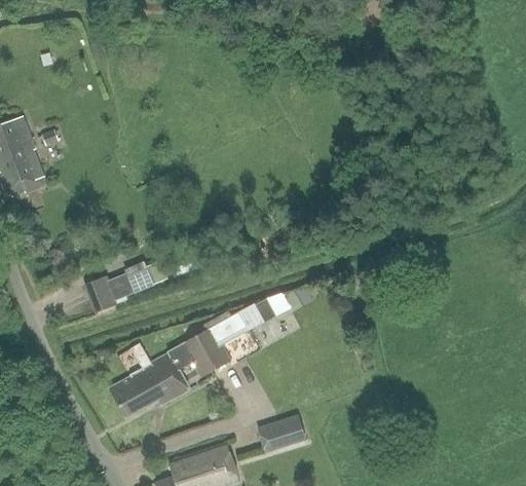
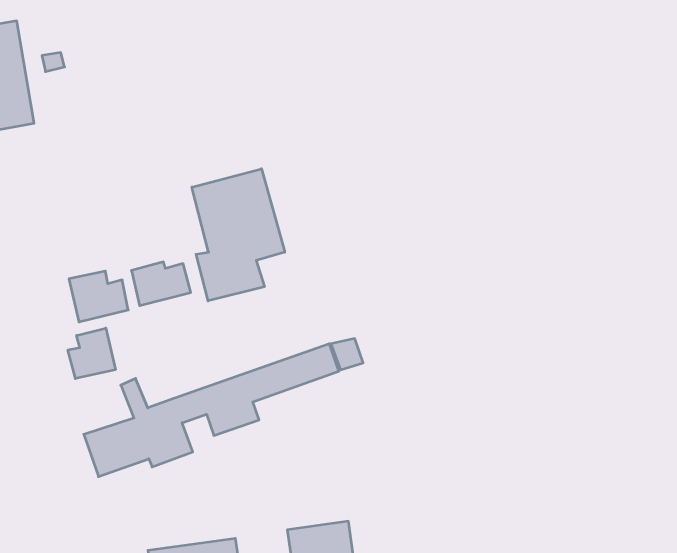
building: none -> [192,169,285,301]
building: none -> [68,328,115,379]

